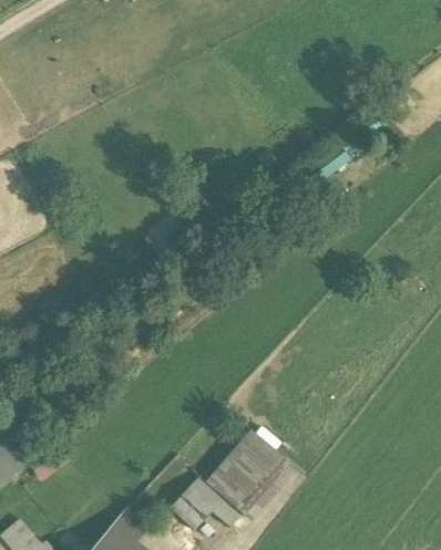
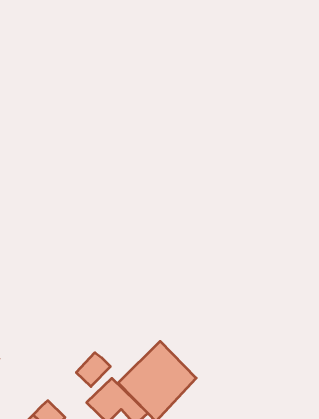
building: none -> [76,353,110,387]

